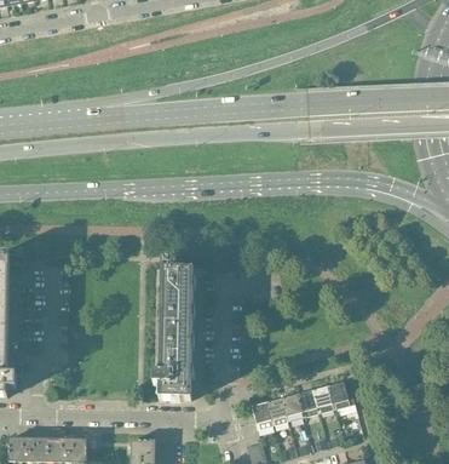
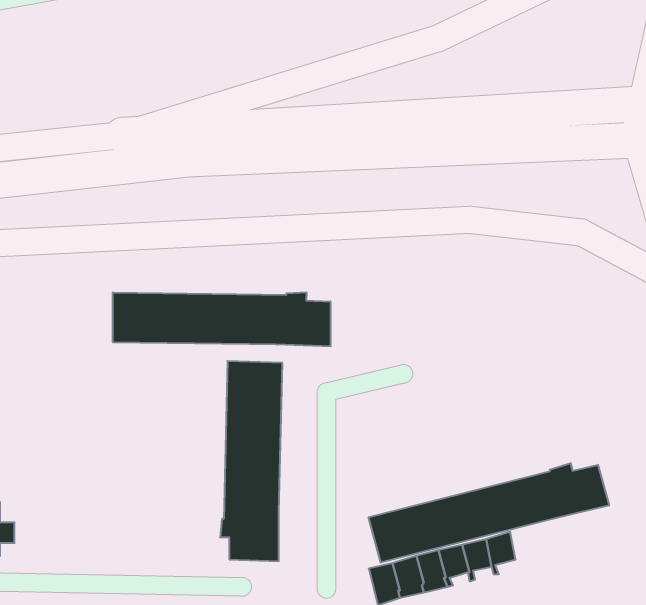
building: none -> [113,292,331,346]
building: none -> [369,463,609,563]

